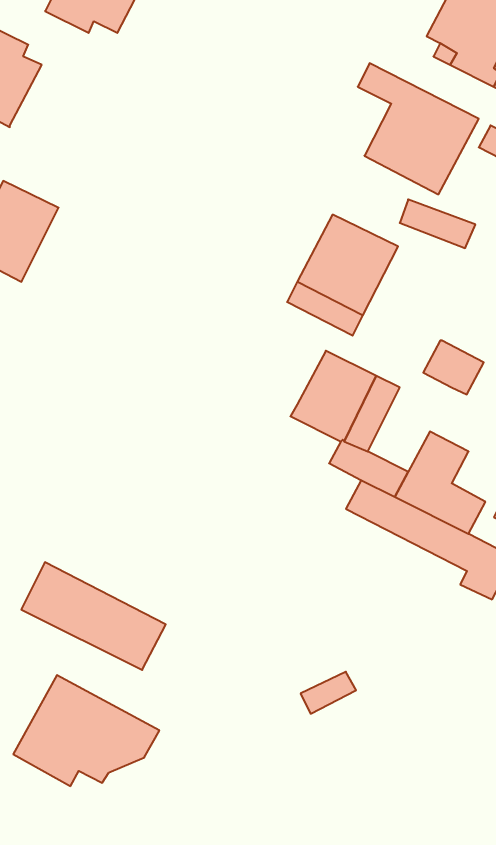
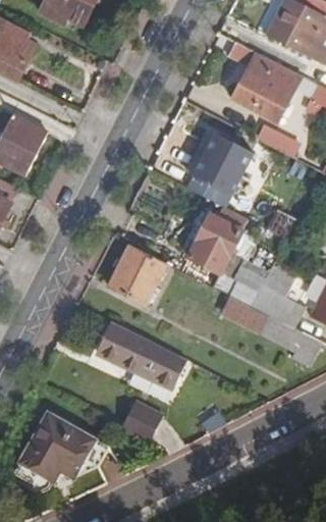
building: none -> [108,244,165,304]
building: [21,562,166,670] -> [98,320,185,385]
building: none -> [118,401,160,443]

